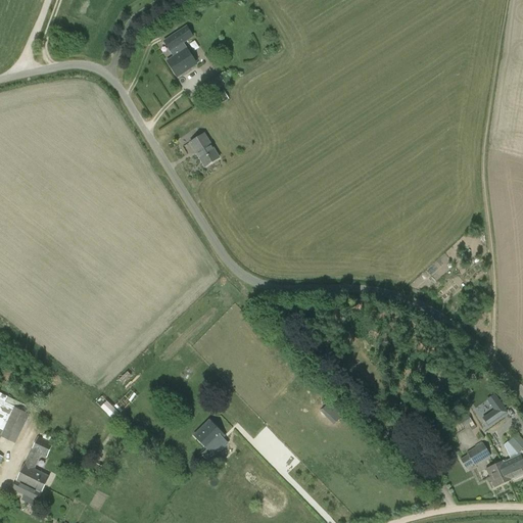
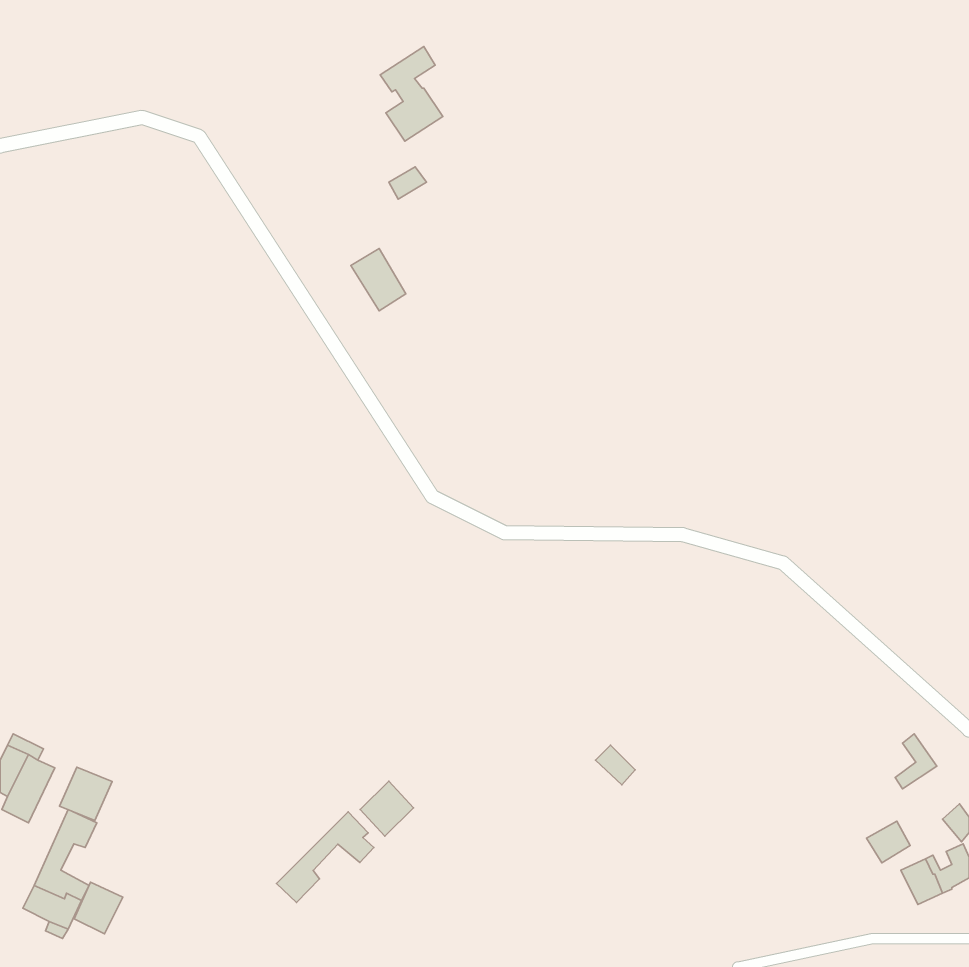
building: [163,26,197,77] -> [380,46,443,141]
building: none -> [59,767,112,820]
building: none -> [277,812,374,902]
building: none -> [74,882,123,934]

